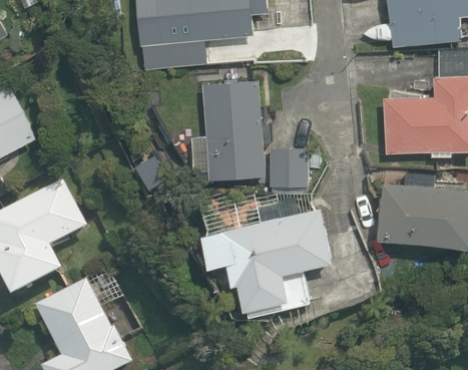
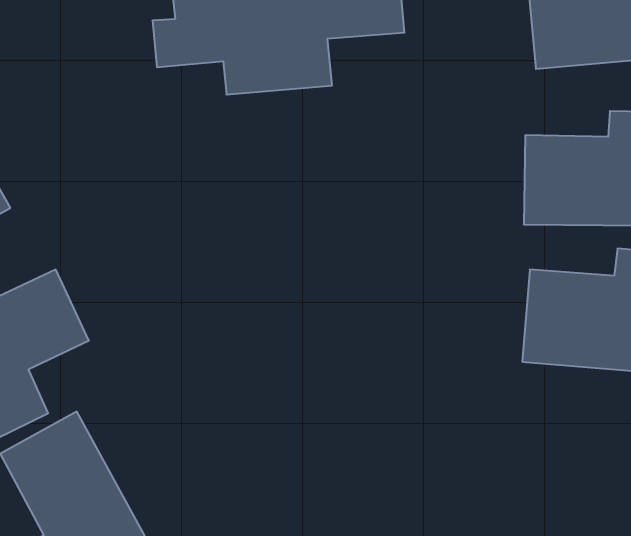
building: [181,77,304,183] -> none
building: [198,205,337,313] -> none

